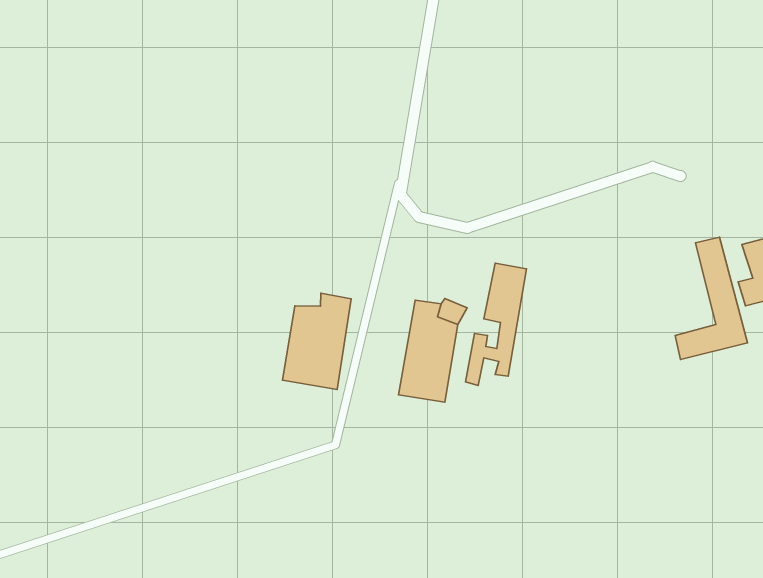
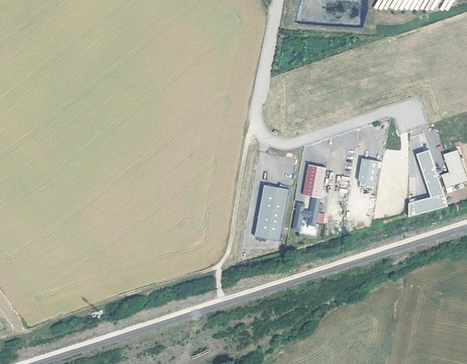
building: none -> [357,157,378,183]
building: [282,293,351,390] -> none

